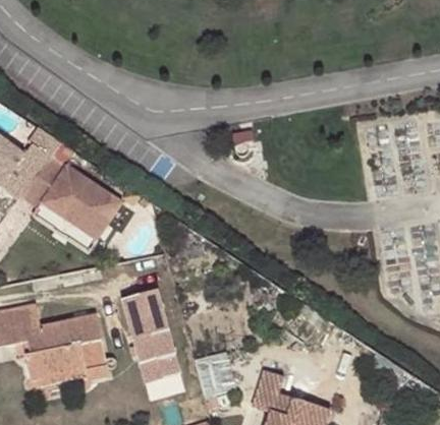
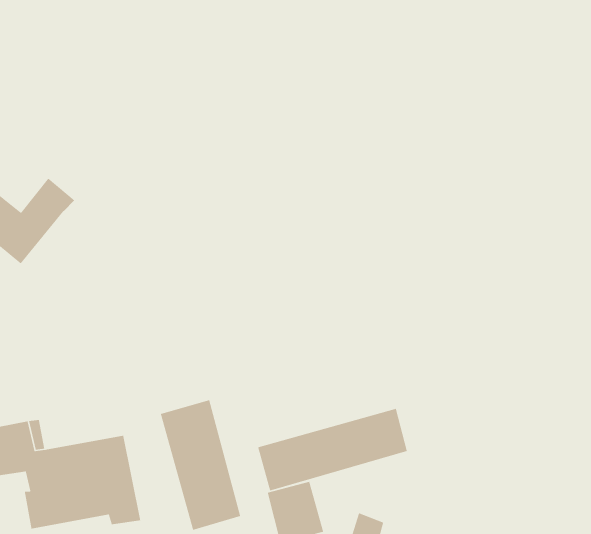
building: [22,159,122,241] -> none
building: none -> [257,408,408,491]

